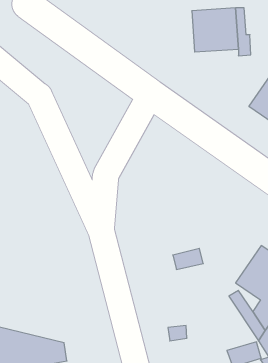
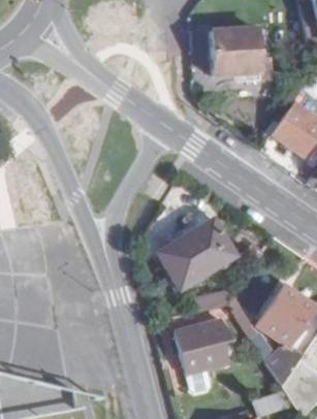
building: none -> [156,221,234,290]
building: none -> [173,320,230,368]

